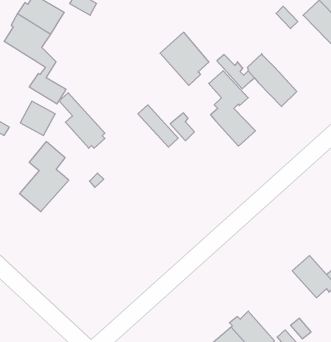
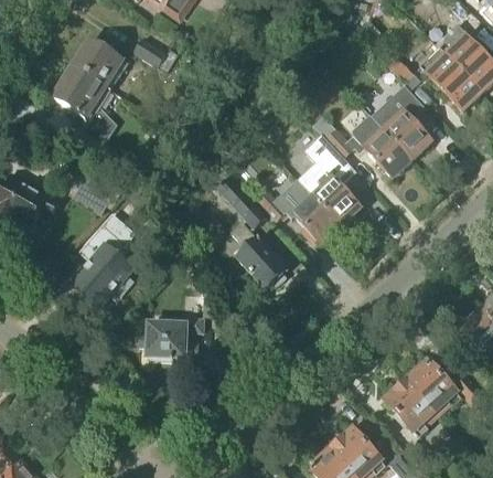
building: none -> [371,84,432,159]
building: [160,32,209,85] -> none
building: [59,93,105,148] -> [231,221,287,289]
building: none -> [294,188,341,246]
building: none -> [139,317,203,359]
building: none -> [385,379,437,436]

